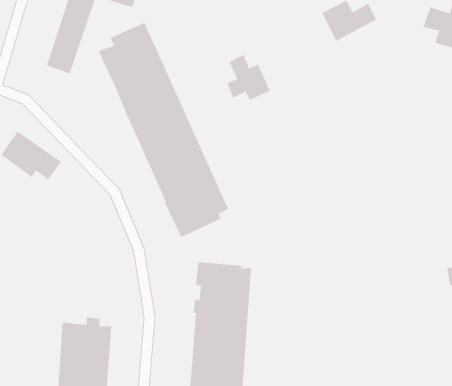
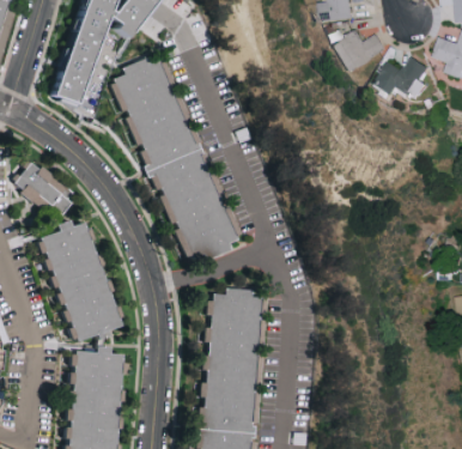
building: none -> [372,56,428,101]
building: [227,54,271,101] -> none
building: none -> [36,220,122,341]

